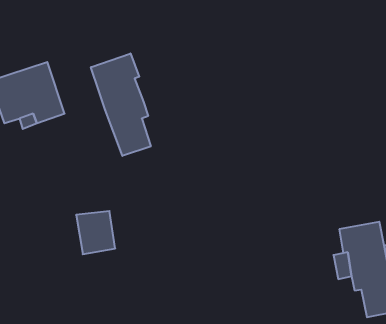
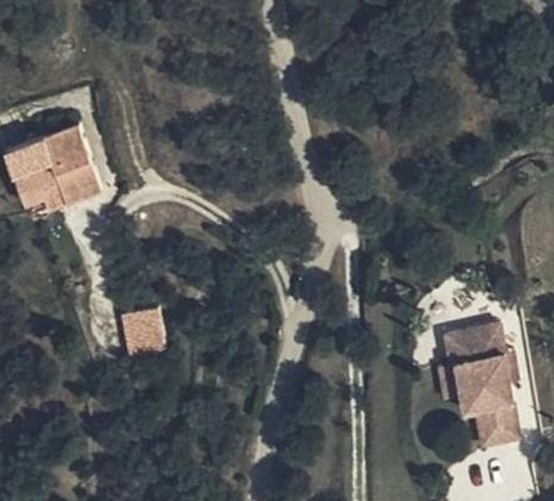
building: [91,53,151,156] -> none

